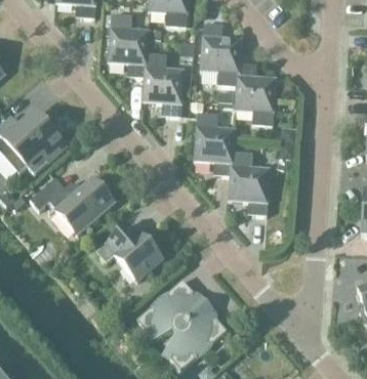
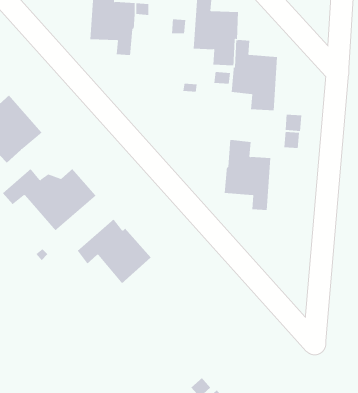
building: [141,53,183,117] -> none
building: [194,113,235,176] -> none
building: [136,280,227,370] -> none

